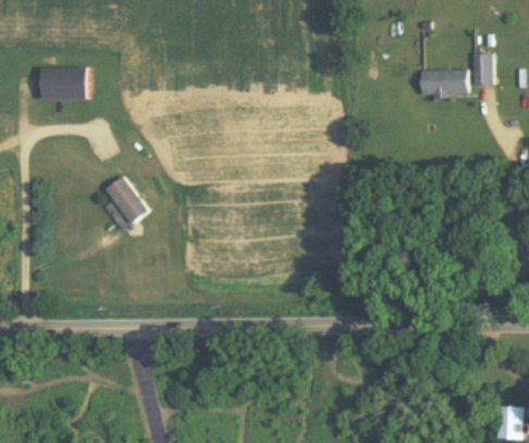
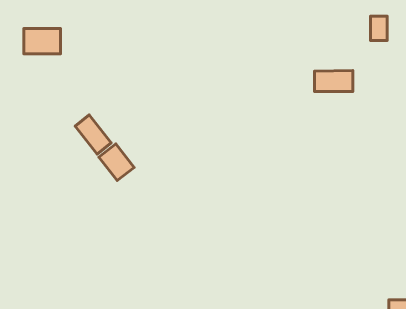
building: [419,69,467,95] -> [315,70,353,91]
building: none -> [99,144,134,181]

